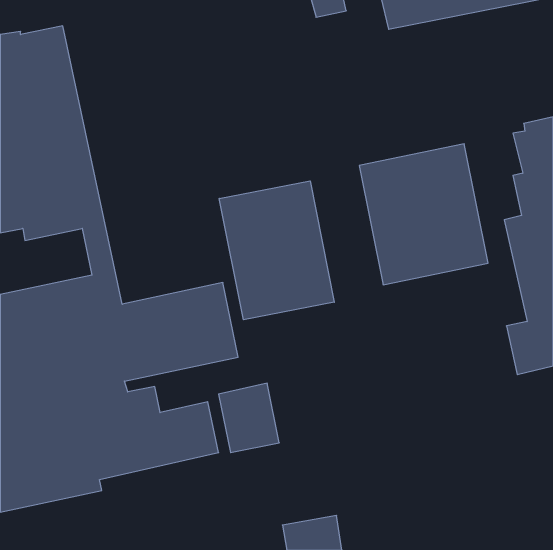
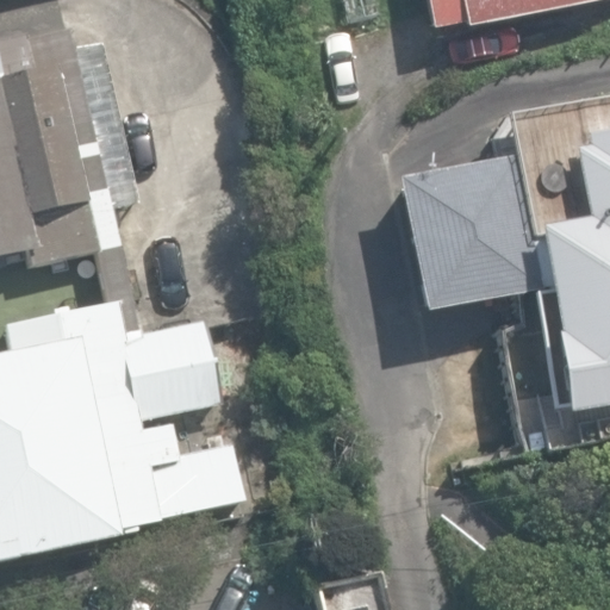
building: [219,181,334,320] -> none

